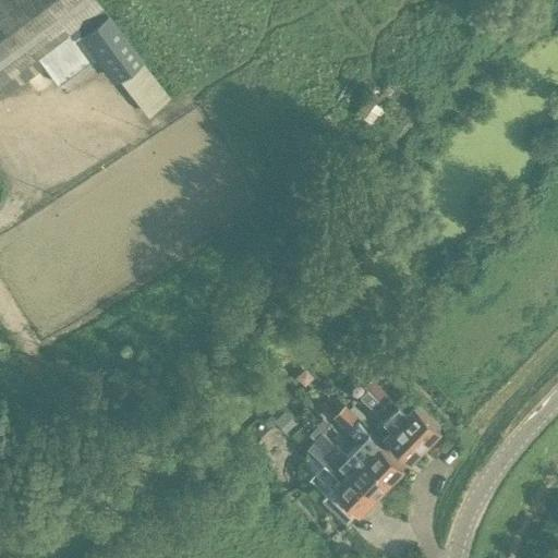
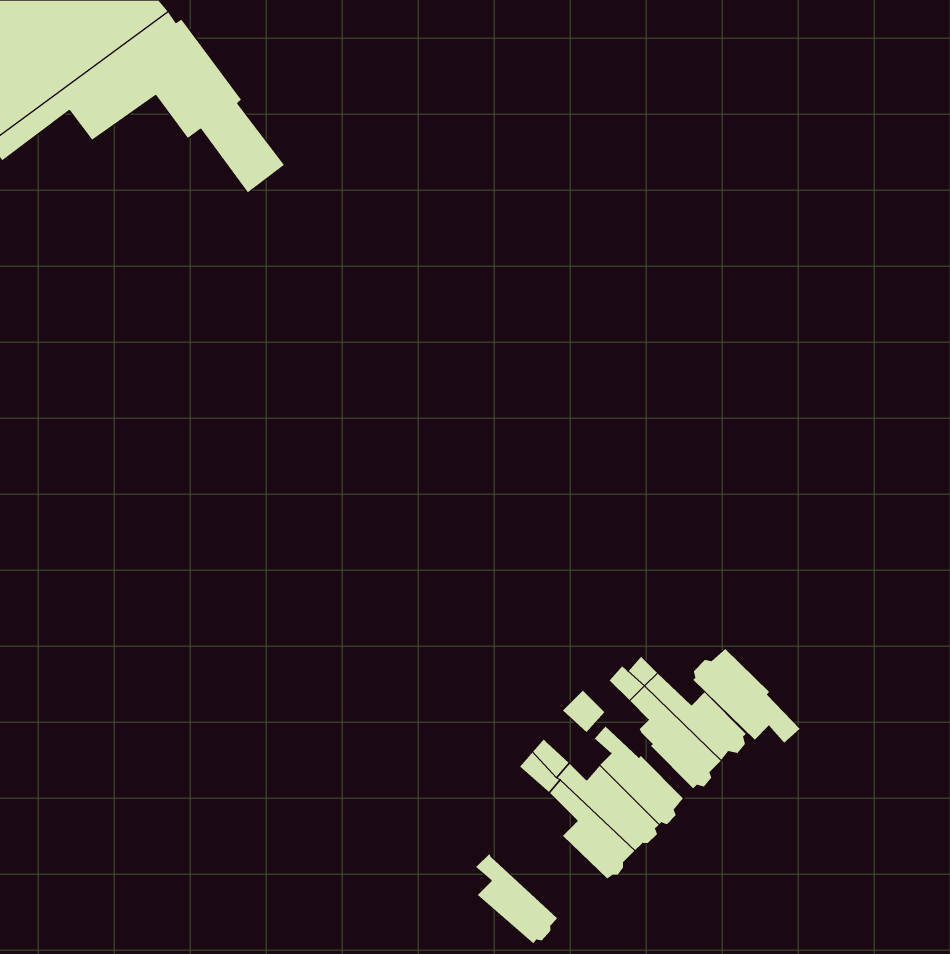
building: none -> [692,648,800,744]
building: none -> [475,853,558,944]

